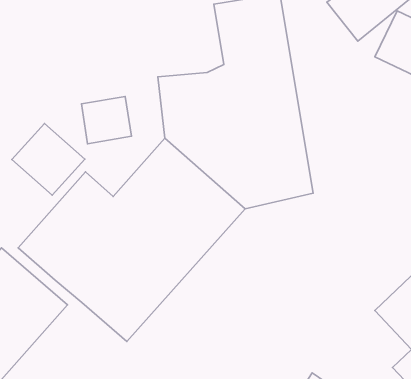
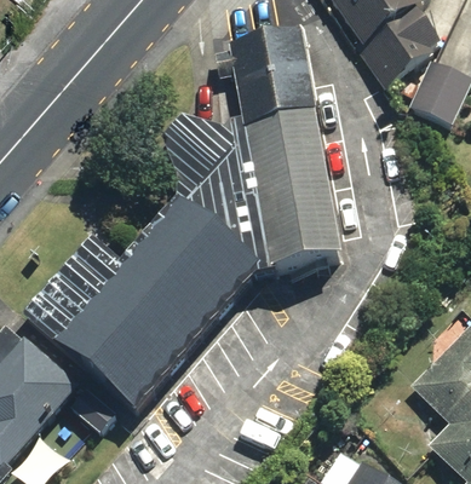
building: [81,96,131,144] -> none
building: [12,124,85,195] -> none

